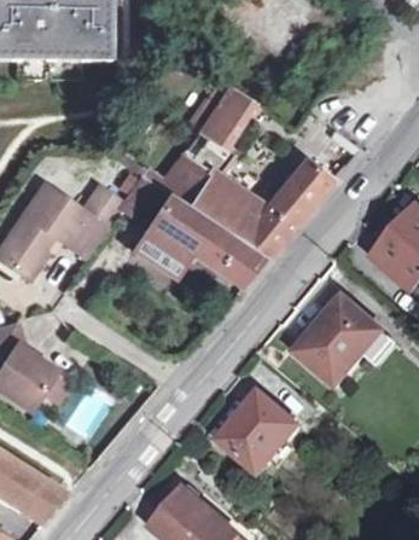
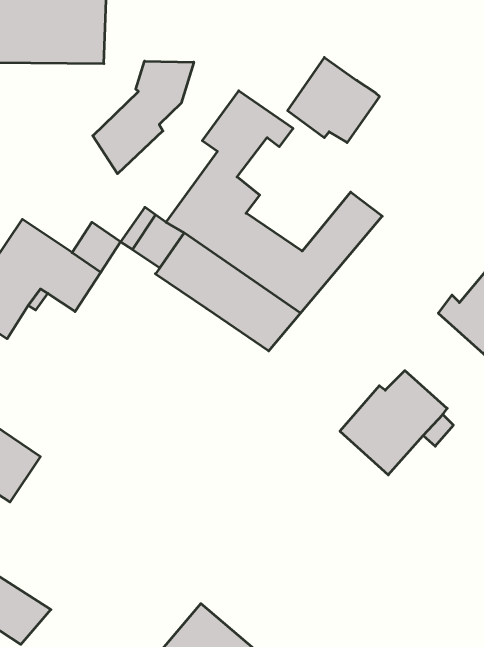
building: none -> [288,57,379,143]
building: none -> [93,61,194,174]
building: [133,225,190,277] -> none
building: [219,394,298,468] -> none

